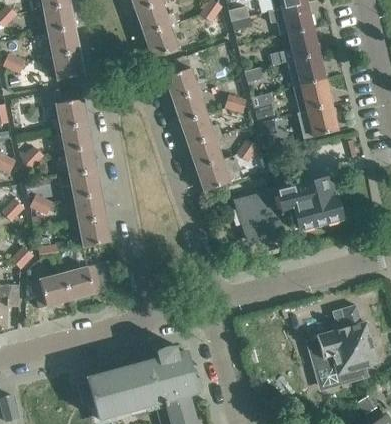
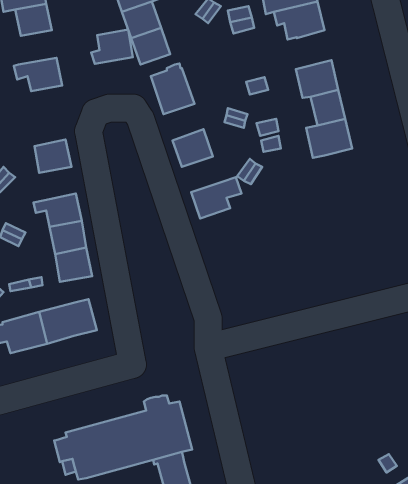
building: [43,27,79,57] -> [91,29,133,64]
building: [270,27,318,65] -> none
building: [46,88,87,129] -> none
building: [172,91,207,123] -> none
building: [188,137,223,168] -> none
building: [64,146,96,175] -> none
building: [237,176,341,242] -> none
building: [305,304,377,391] -> none

